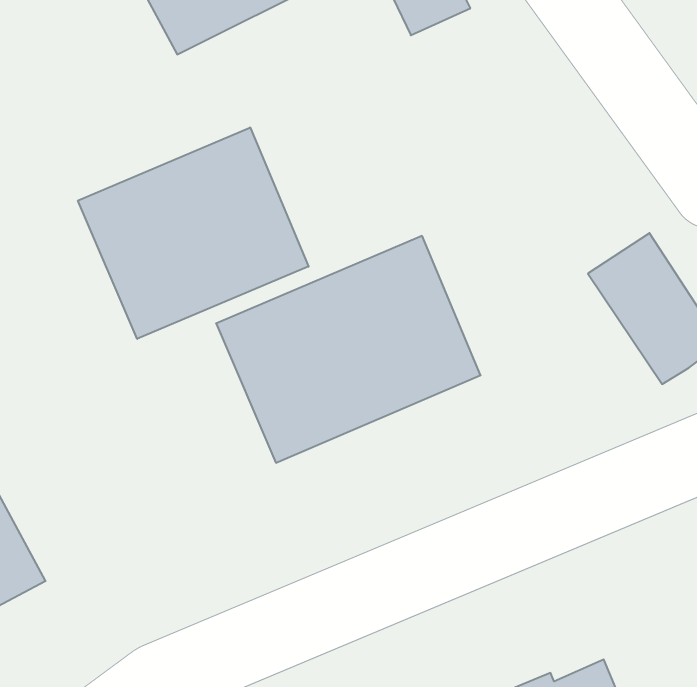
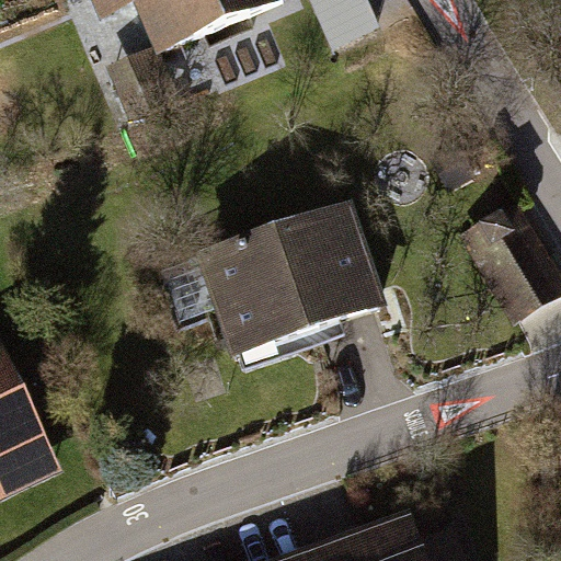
building: [78,127,309,339] -> none

